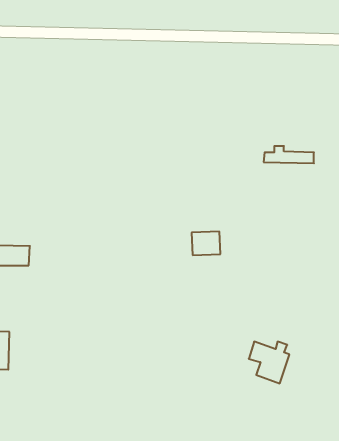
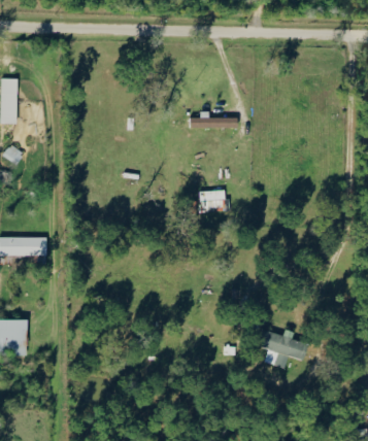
building: [264,146,314,163] -> [190,111,238,128]
building: [192,232,220,255] -> [198,190,226,212]

